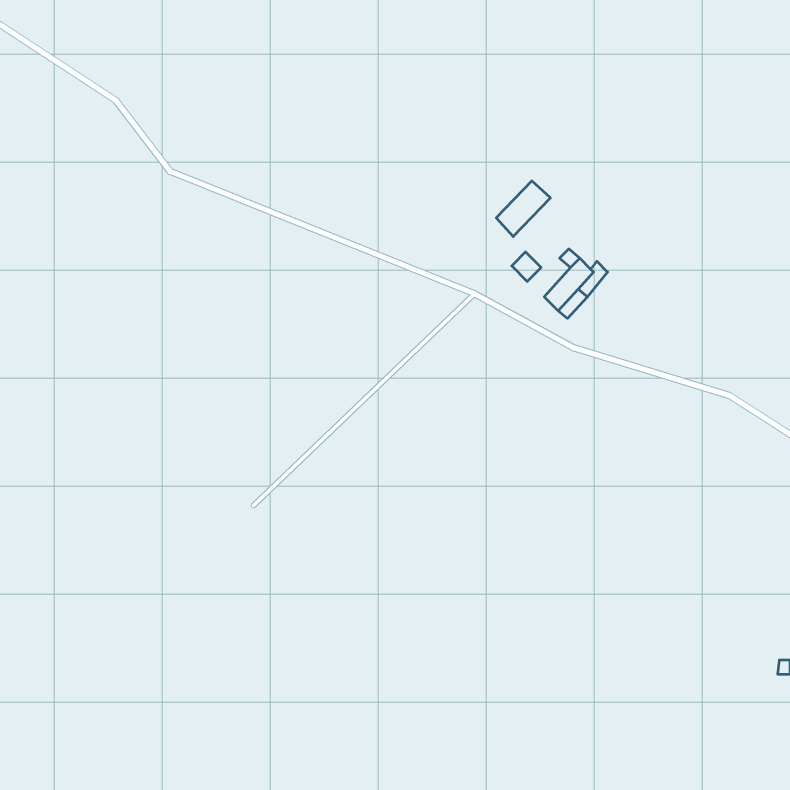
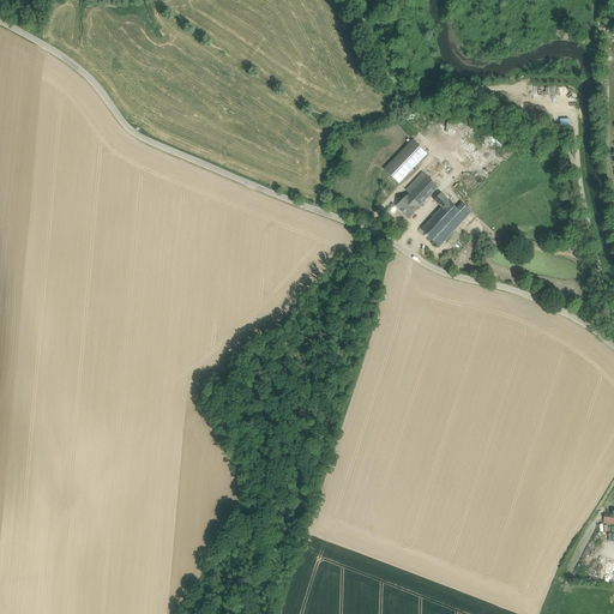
building: none -> [405,173,438,207]

